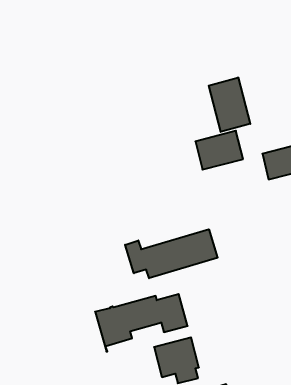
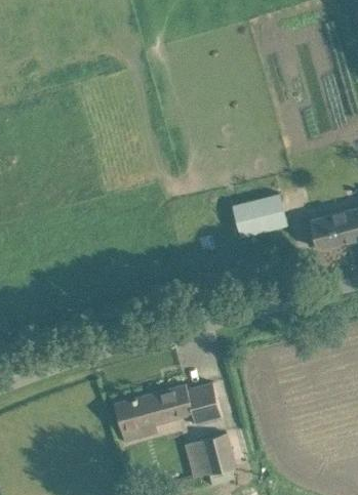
building: [209,77,250,132] -> none
building: [125,229,218,278] -> none

